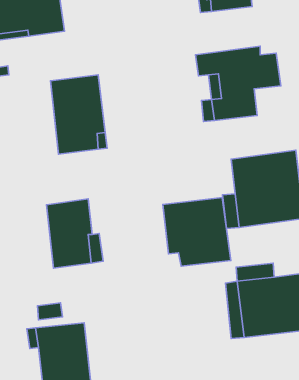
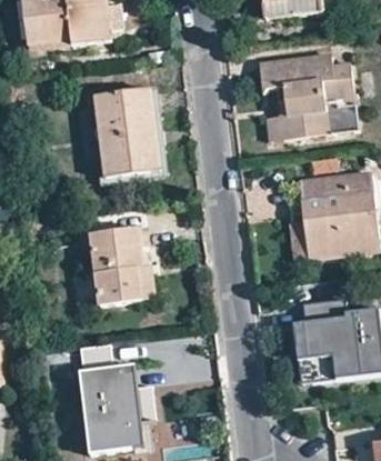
building: [163,198,231,266] -> none

